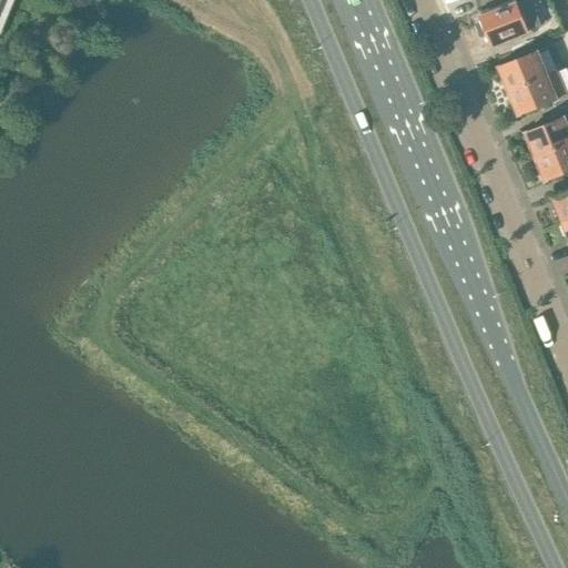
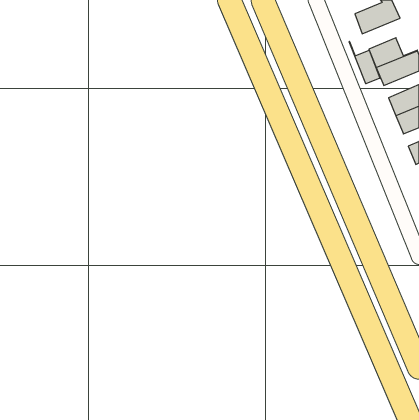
building: none -> [349,41,380,84]

